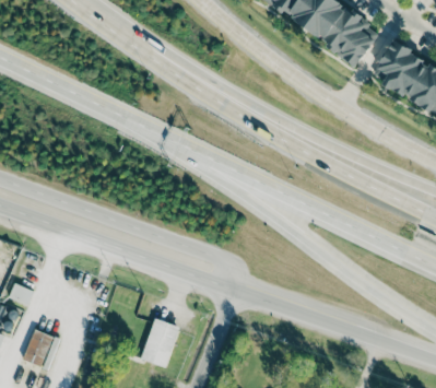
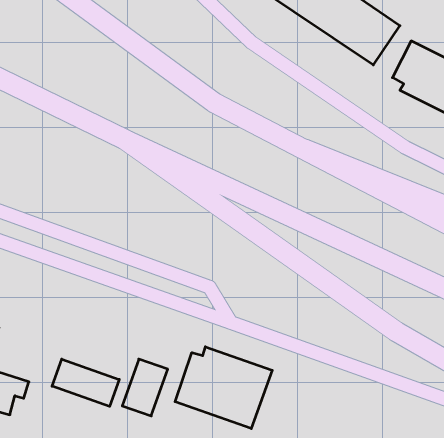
building: none -> [175,347,272,429]
building: none -> [52,359,119,406]

